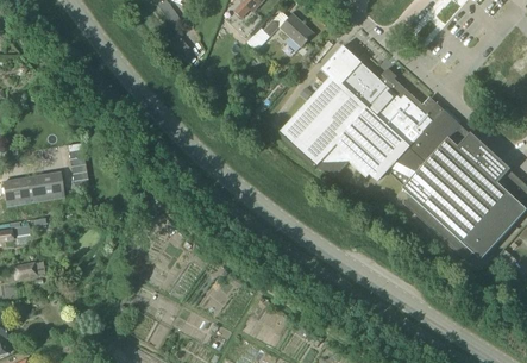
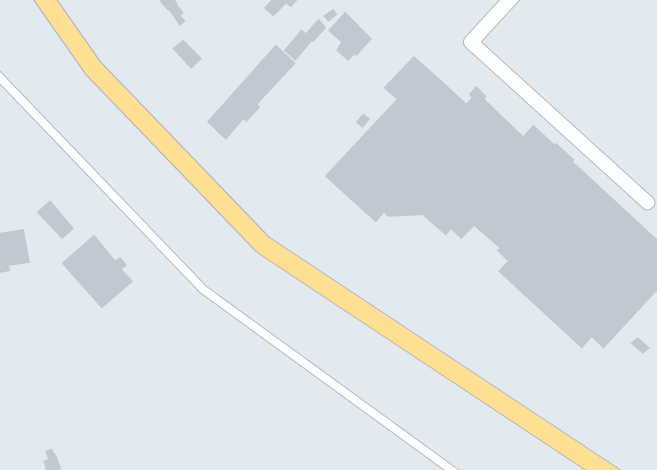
building: none -> [206,44,296,141]
building: none -> [60,234,134,309]

